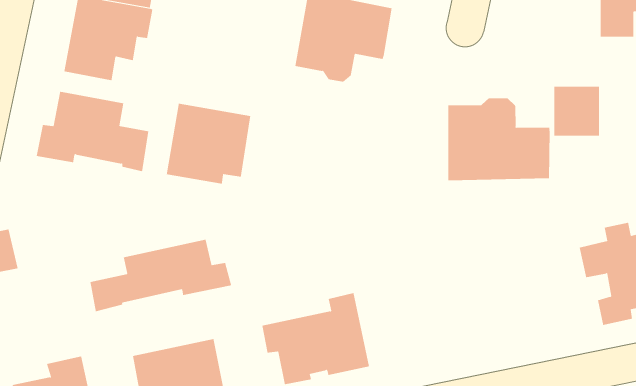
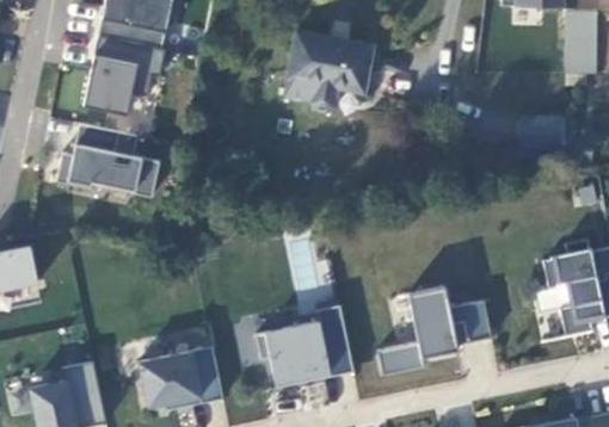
building: [448,98,550,181] -> none
building: [166,103,251,185] -> none
building: [90,239,232,312] -> none
building: none -> [379,284,492,375]

